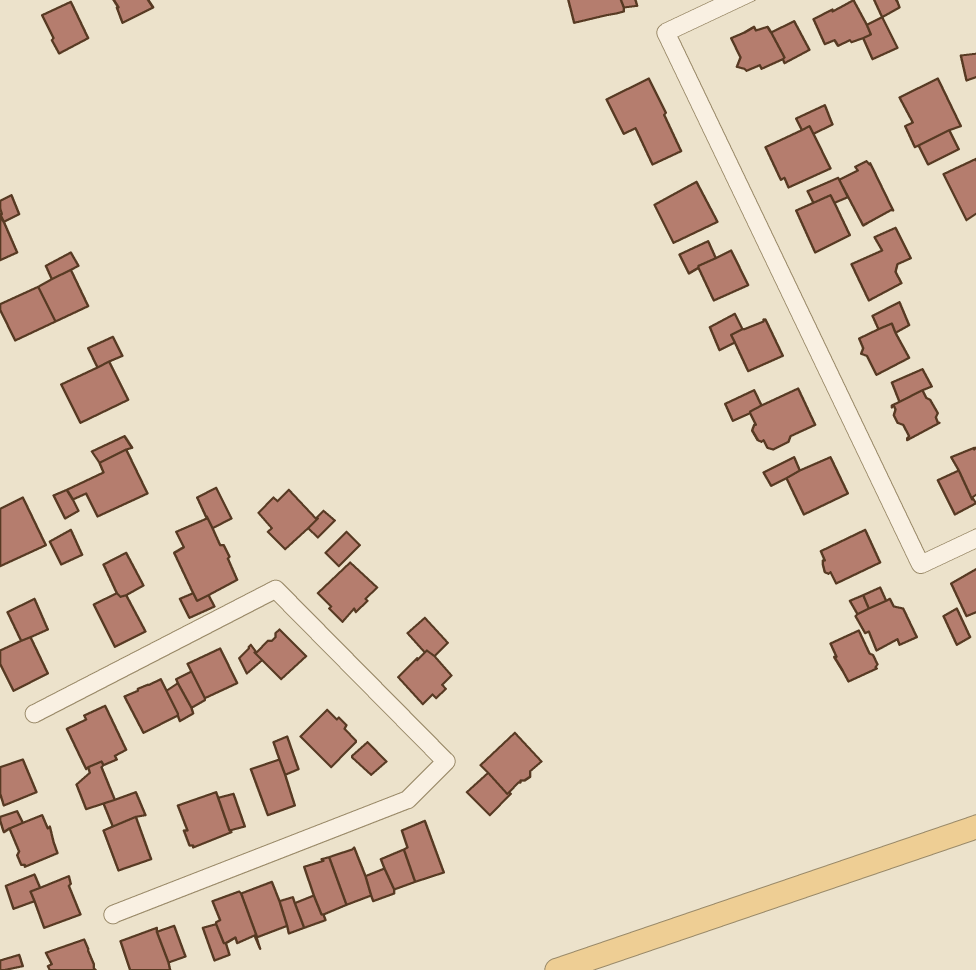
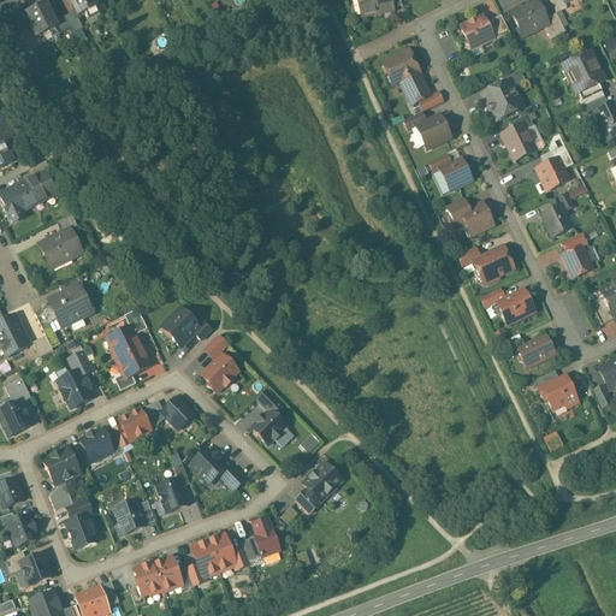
building: [839,161,893,225] -> none
building: [831,631,878,681] -> none

